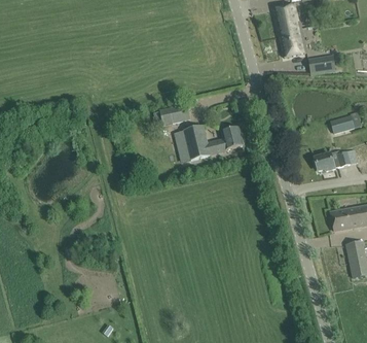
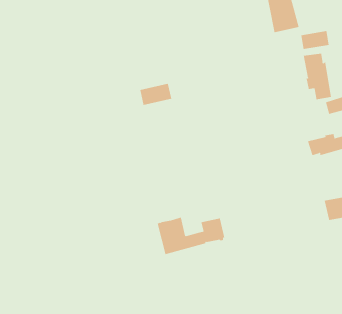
building: none -> [303,53,332,100]
building: [181,125,244,160] -> [157,217,225,255]

